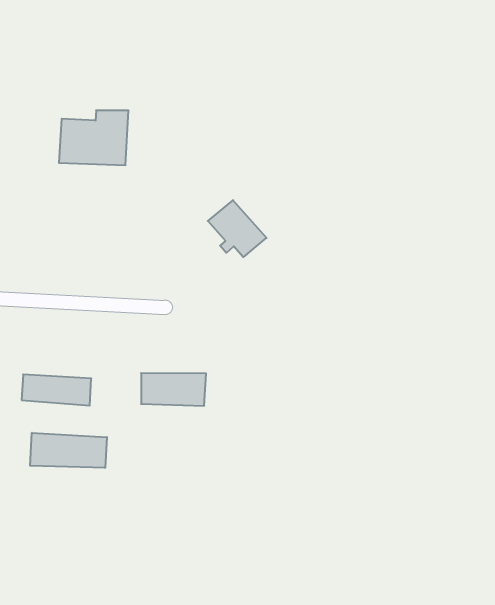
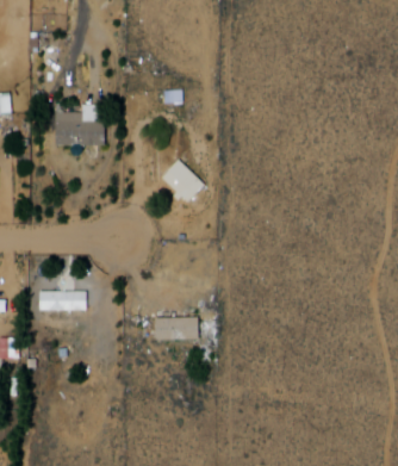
building: [141,373,206,406] -> [153,311,198,335]
building: [30,433,107,468] -> none

